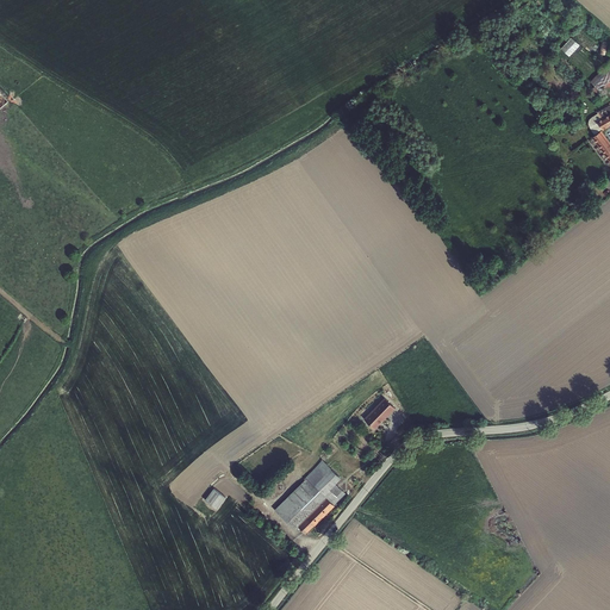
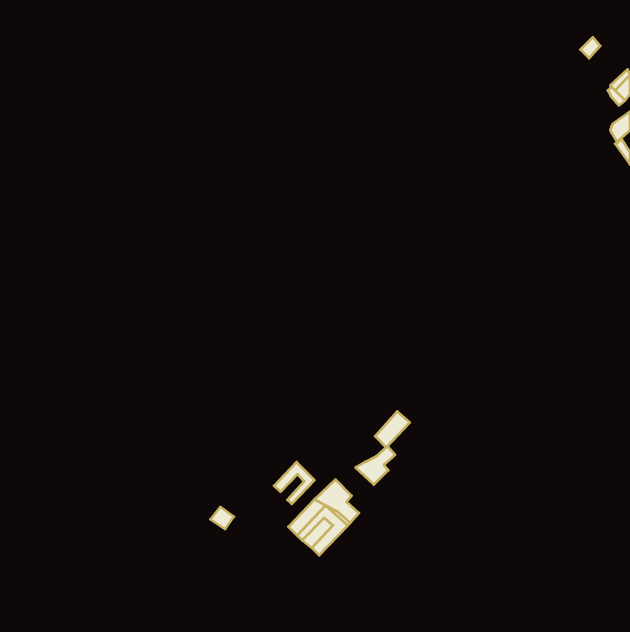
building: none -> [356,446,395,485]
building: none -> [274,462,314,504]

